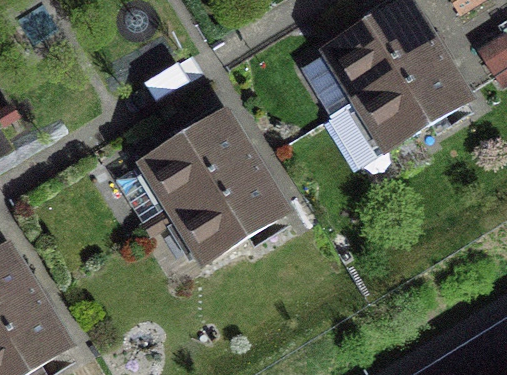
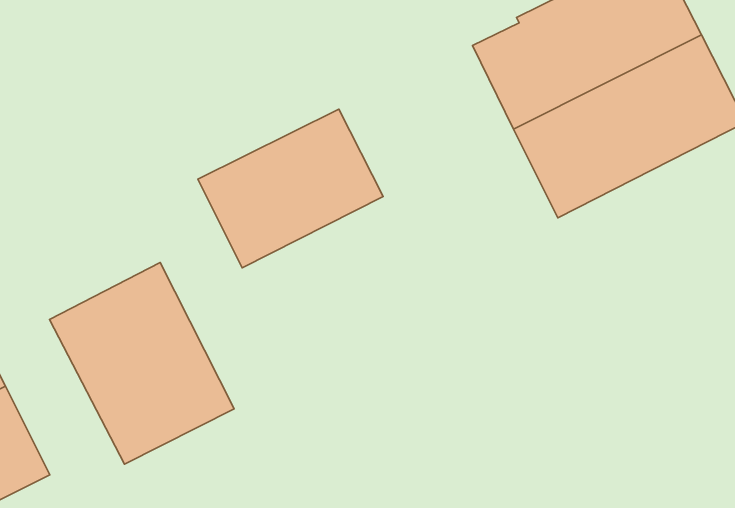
building: [175,164,287,264] -> none
building: none -> [49,263,234,464]

